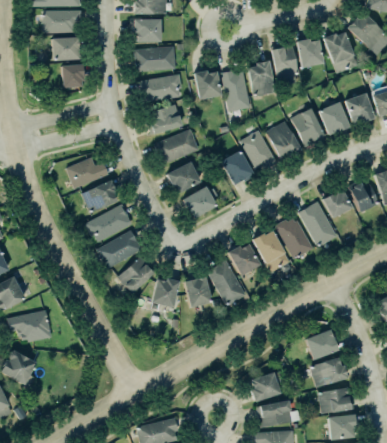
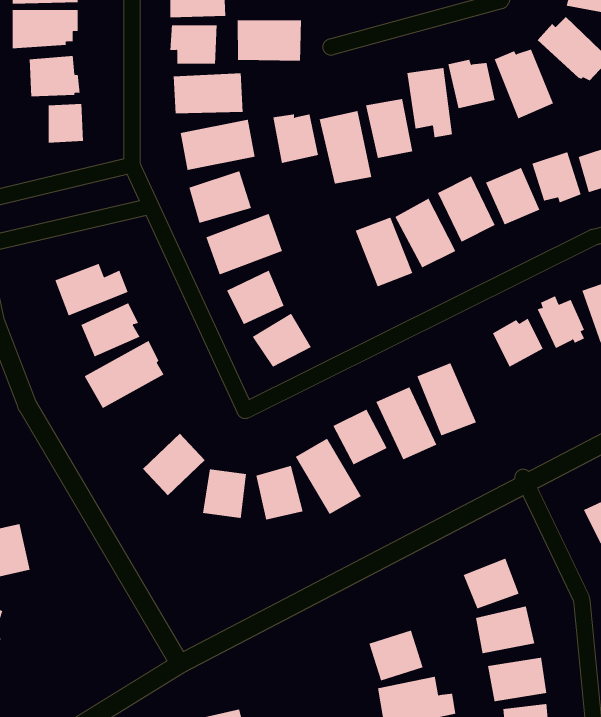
building: none -> [237,20,302,62]
building: [220,150,254,185] -> none
building: [300,201,339,247] -> none
building: [97,230,140,269] -> none

